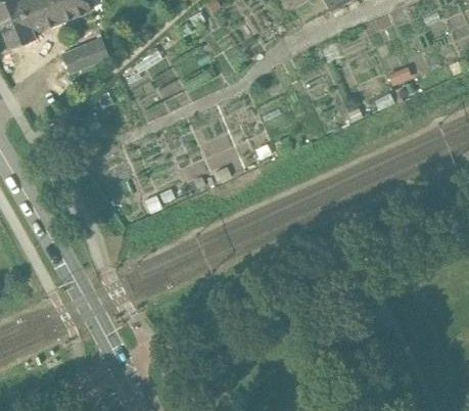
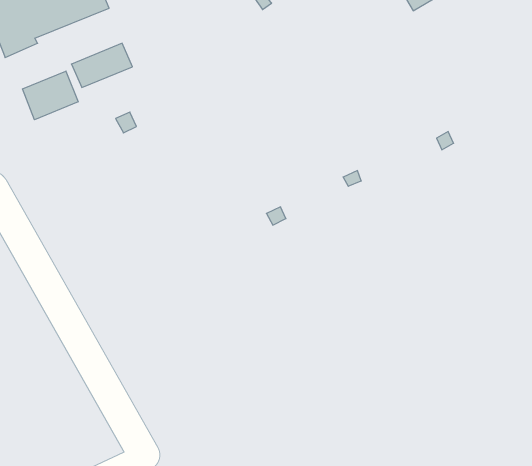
building: none -> [23,71,78,120]

